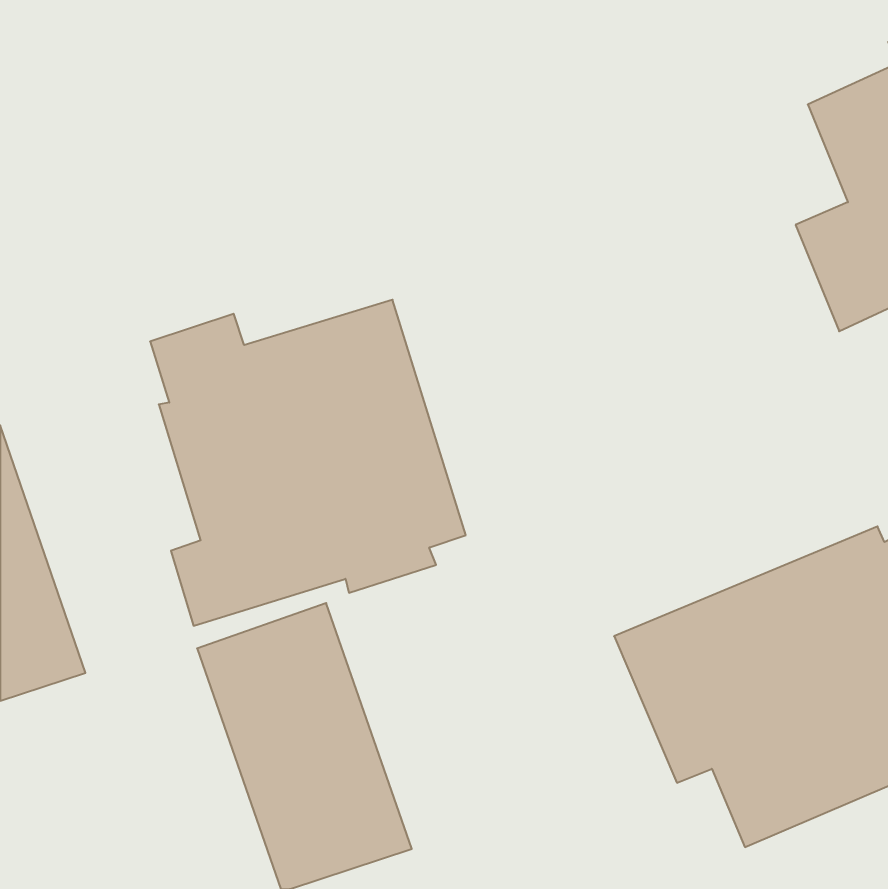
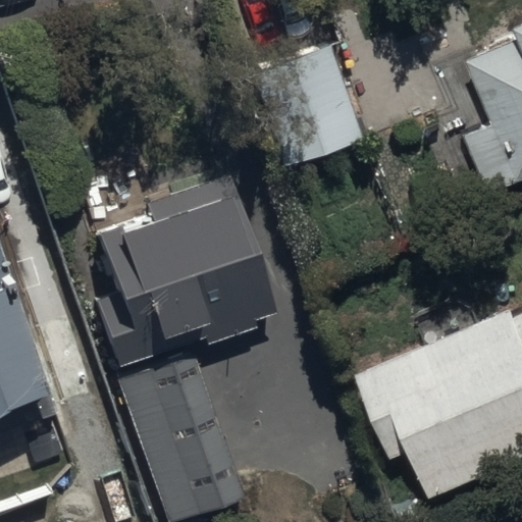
building: none -> [249,45,362,168]

